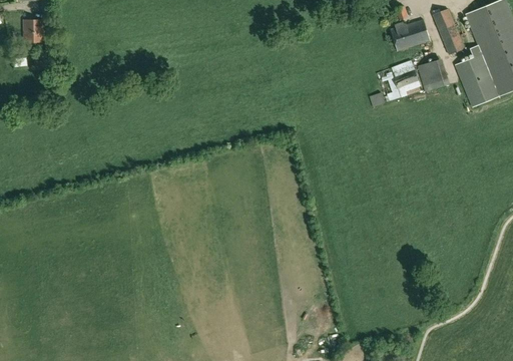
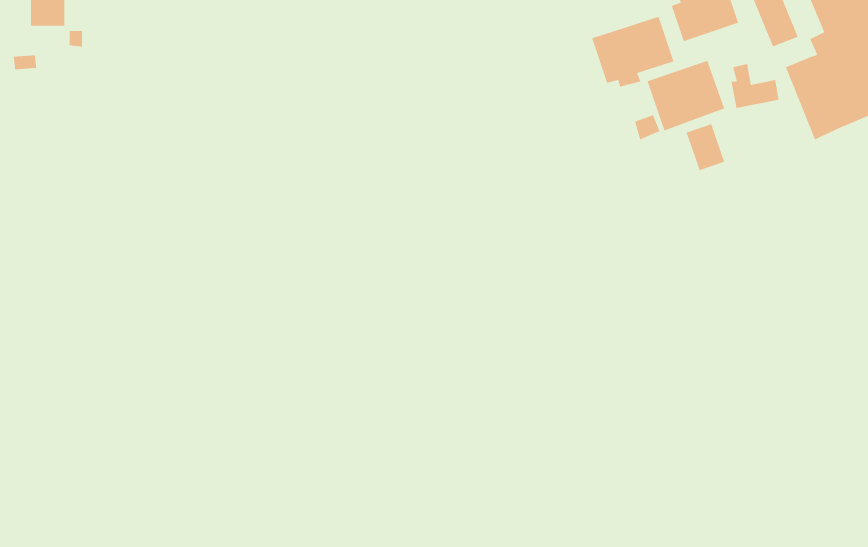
building: none -> [591,16,675,88]
building: none -> [686,123,725,171]

